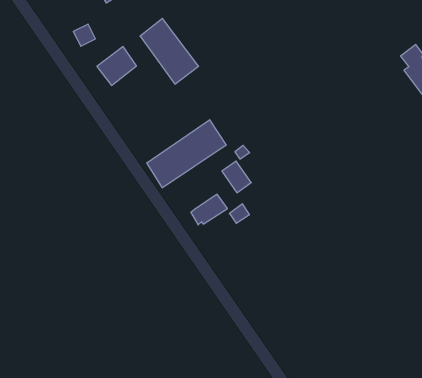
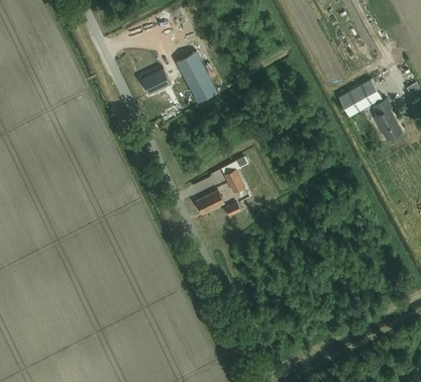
building: none -> [339,80,382,117]
building: [147,120,226,188] -> none

